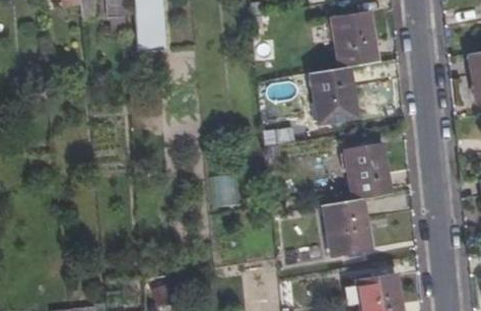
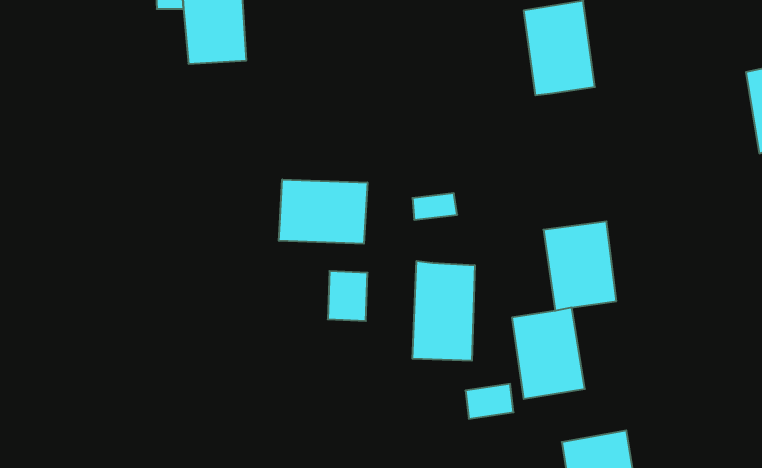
building: [312,67,356,123] -> none
building: none -> [279,179,367,244]
building: none -> [412,261,475,361]

